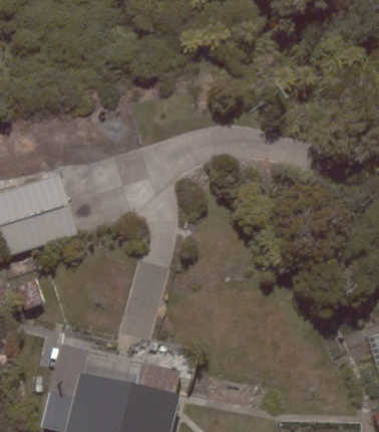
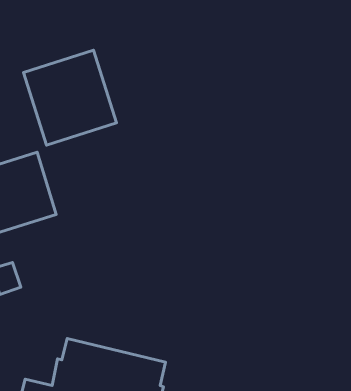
building: none -> [24,50,117,145]

